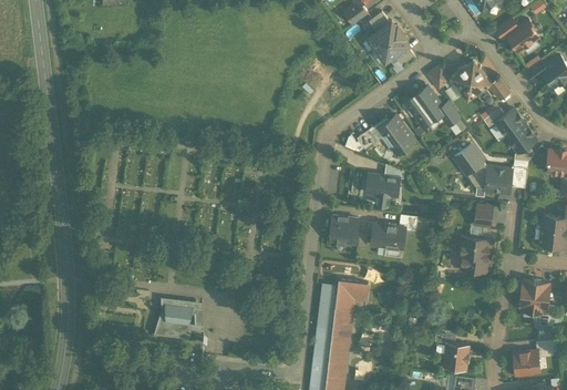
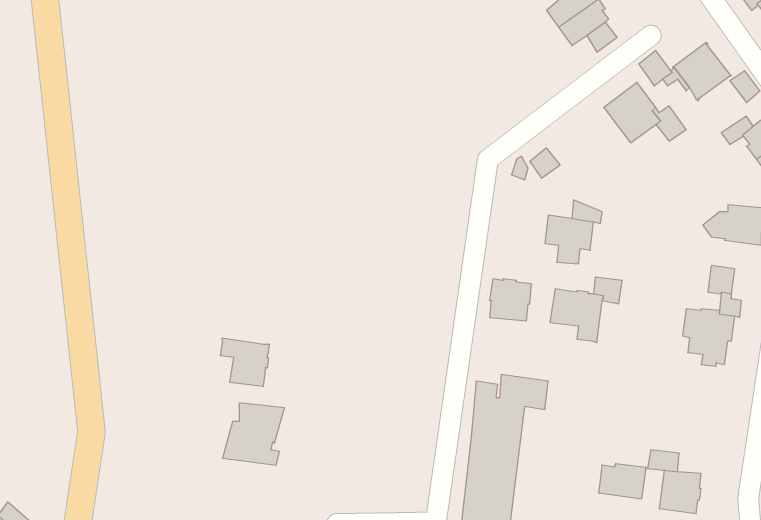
building: [378,114,414,154] -> none
building: [454,144,487,179] -> none
building: none -> [220,338,269,387]
building: none -> [599,463,646,499]

